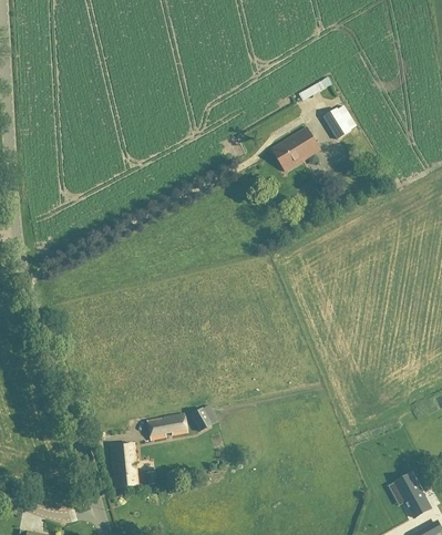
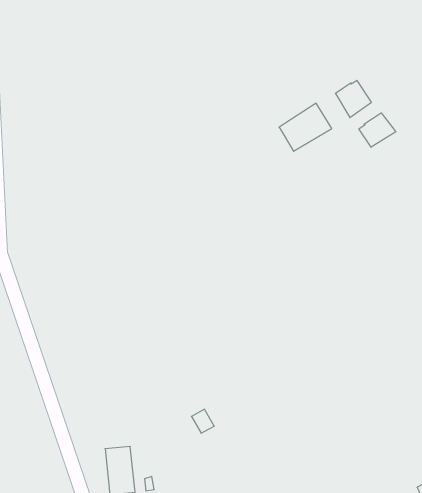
building: none -> [359,113,396,147]
building: [146,411,187,439] -> none

